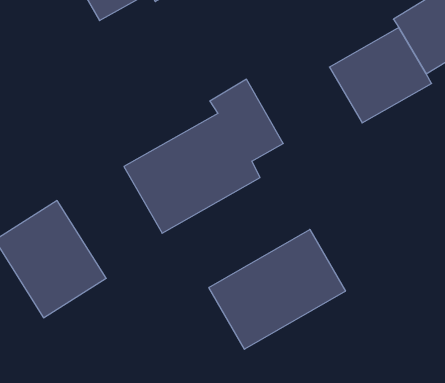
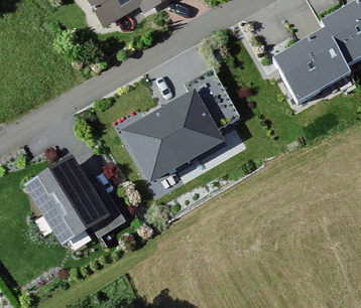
building: [209,229,345,349] -> none

